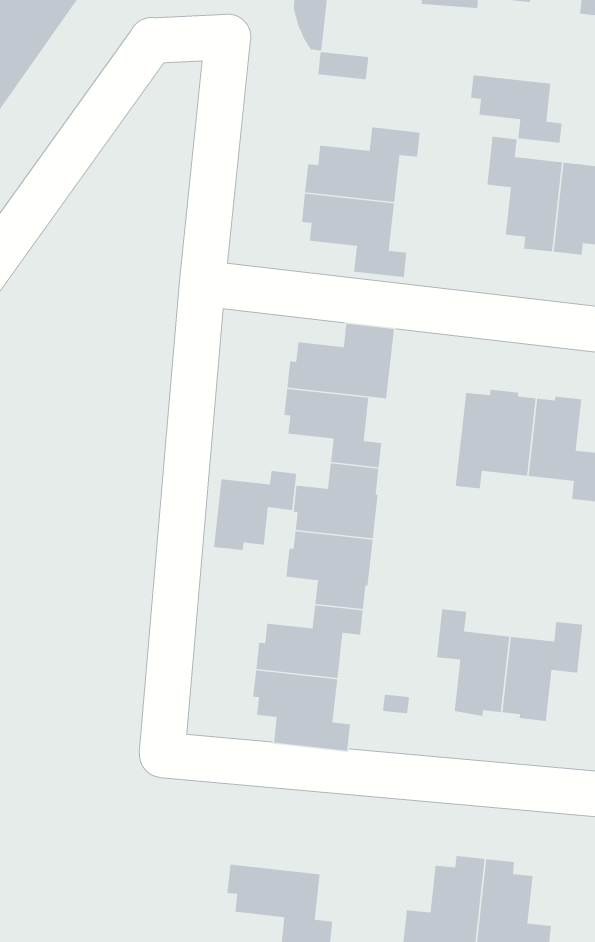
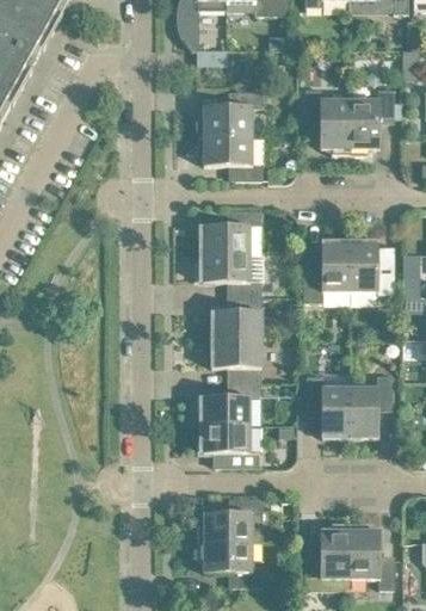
building: [470,74,562,144] -> none
building: [213,470,297,551] -> none
building: none -> [197,496,263,542]

